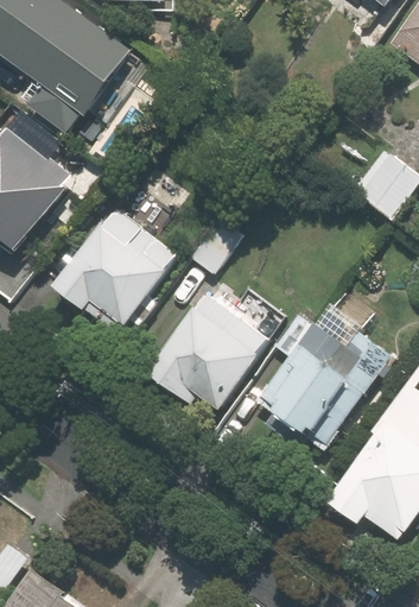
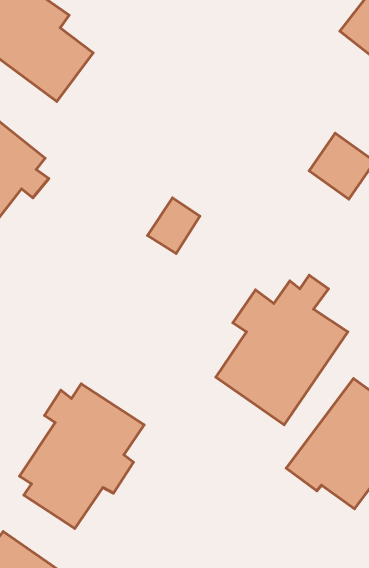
building: [55,207,176,327] -> none
building: [146,290,275,411] -> none
building: none -> [20,384,144,529]

